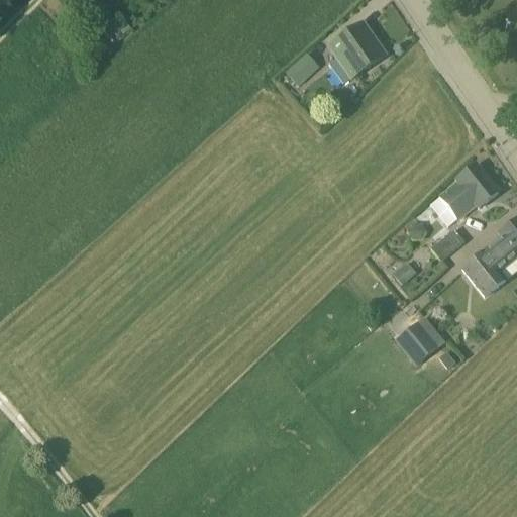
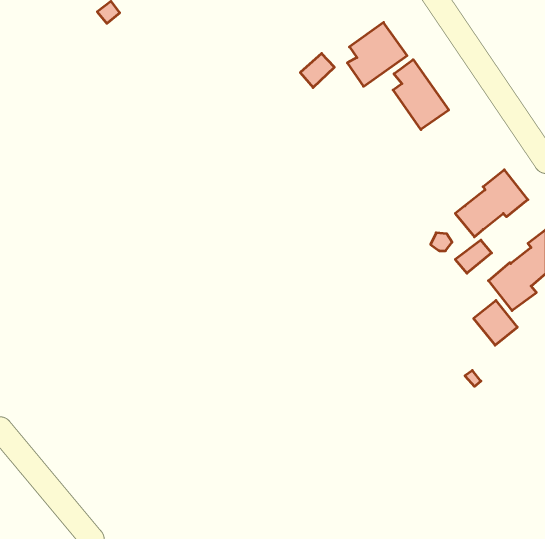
building: none -> [393,60,449,130]
building: [398,320,439,363] -> [474,300,517,345]

